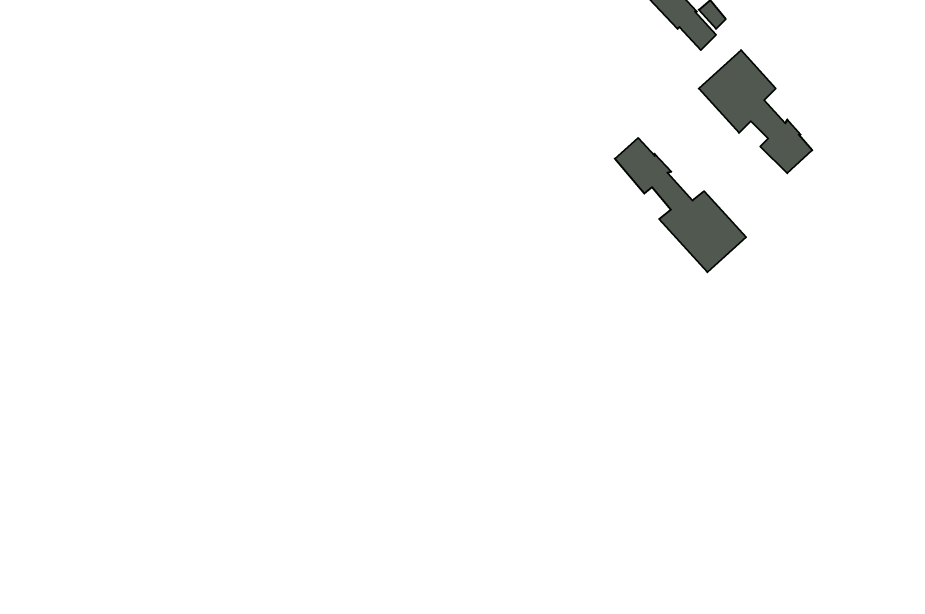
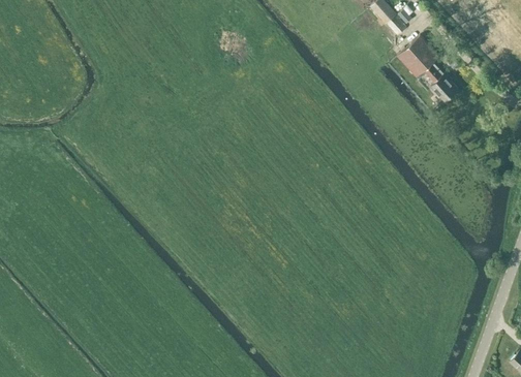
building: [615,138,746,272] -> none

